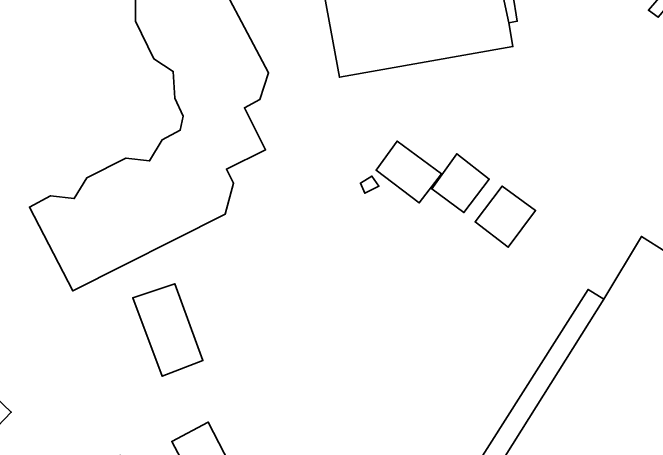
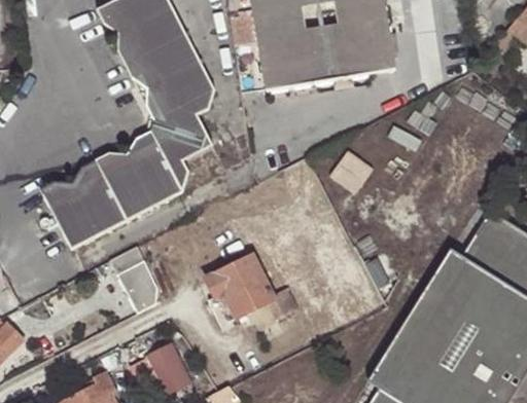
building: [376,141,441,203] -> none
building: [475,186,535,247] -> none
building: none -> [206,253,276,325]

